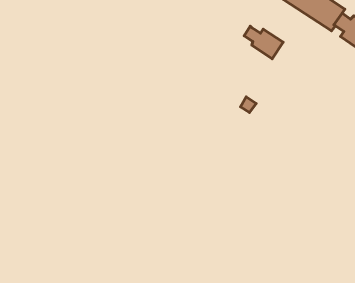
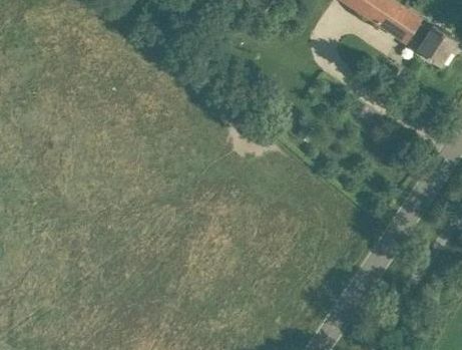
building: [244,26,283,59] -> none

